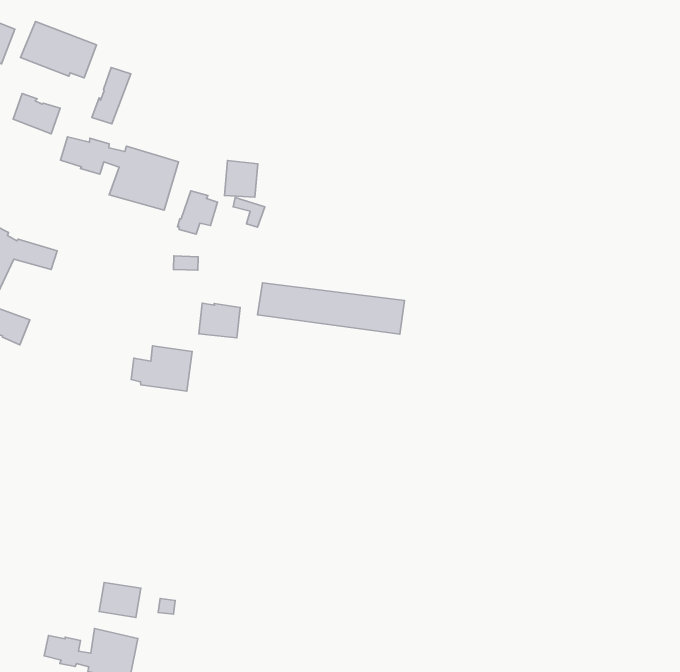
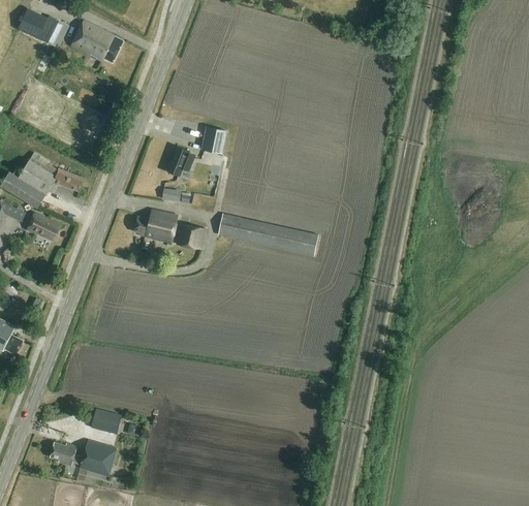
building: [92,67,131,124] -> none
building: [13,94,60,134] -> none
building: [61,137,179,210] -> none
building: [131,346,192,391] -> [134,210,178,243]

